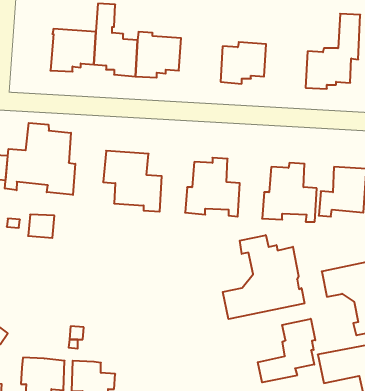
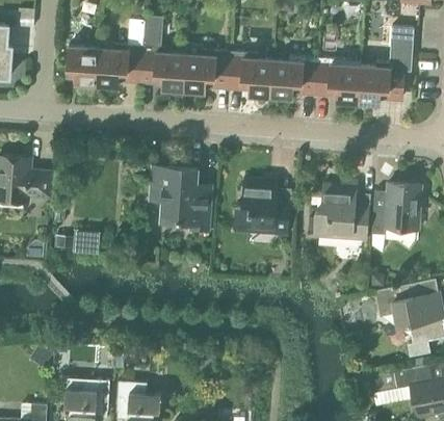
building: none -> [66,46,99,85]
building: none -> [228,52,272,97]
building: none -> [315,58,360,103]
building: [5,123,75,195] -> none
building: [223,235,304,319] -> none
building: [258,319,315,382] -> none

